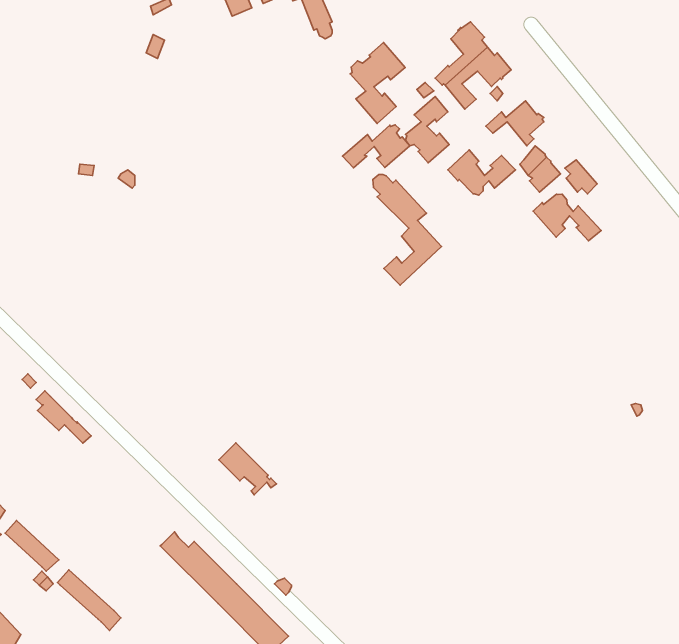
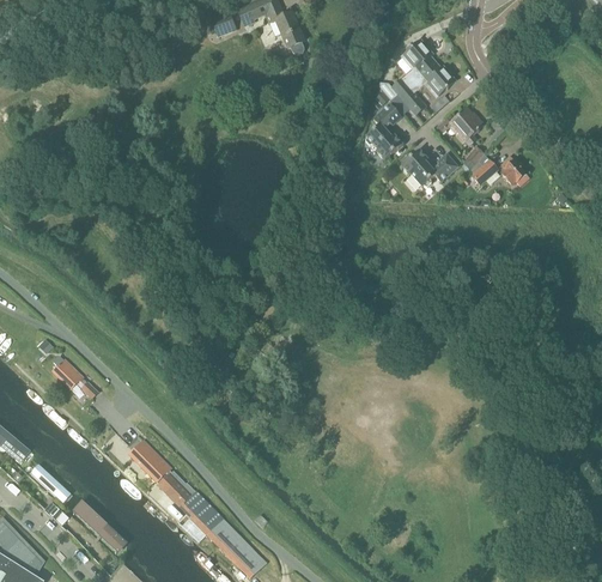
building: [350,43,405,124] -> none
building: [342,125,410,168] -> none
building: [373,174,442,285] -> none
building: [533,194,601,241] -> none
building: [219,443,277,495] -> [128,438,177,483]

